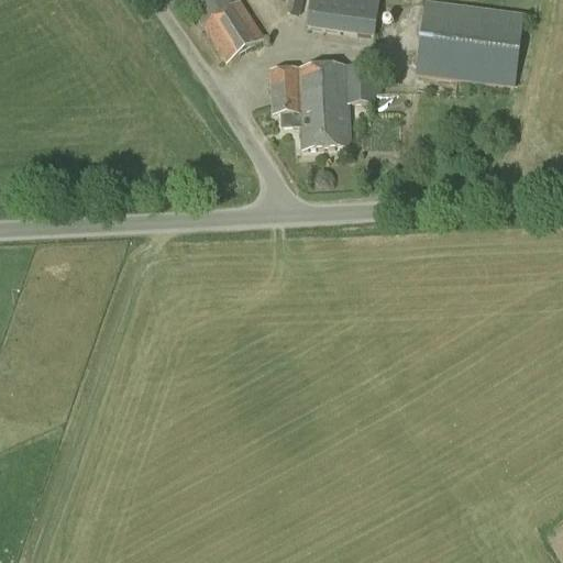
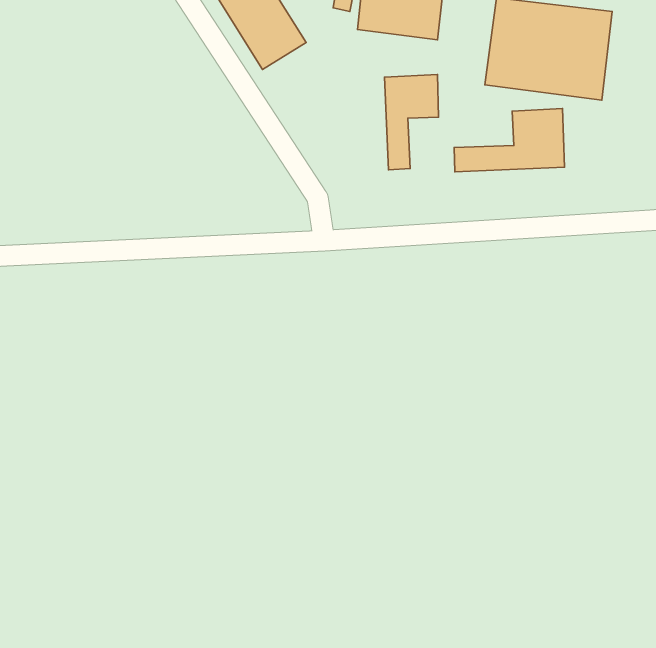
building: [271,66,332,146] -> none
building: none -> [454,109,565,172]

